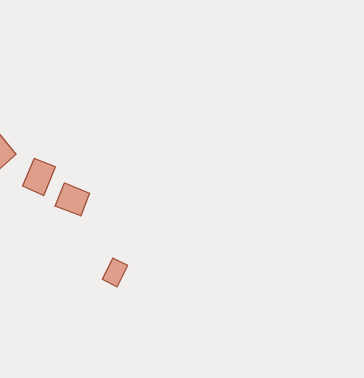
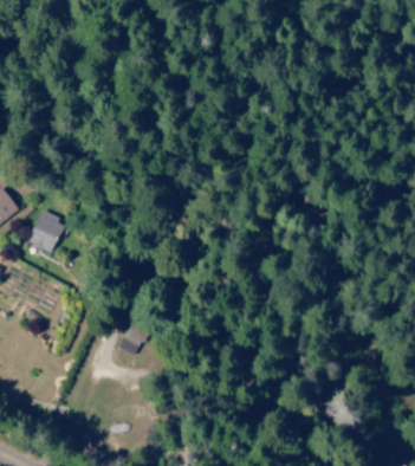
building: [55,183,90,216] -> none

